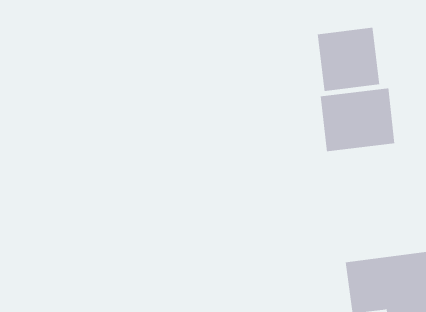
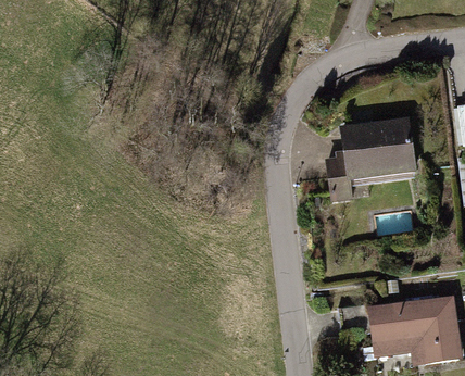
building: [317,27,380,92] -> none

